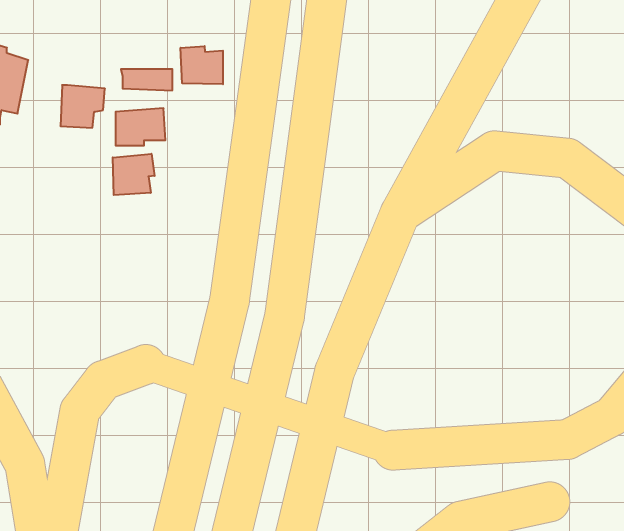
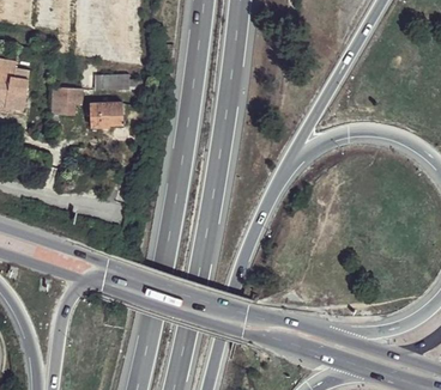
building: [181,46,223,84] -> none
building: [113,154,155,195] -> none

